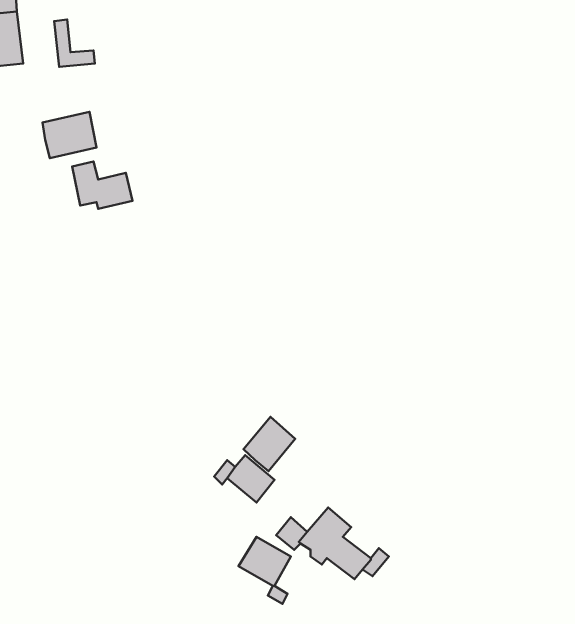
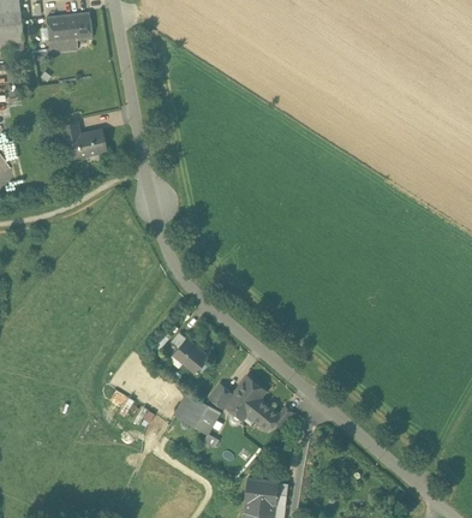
building: none -> [56,13,91,41]
building: [43,112,97,158] -> none
building: [244,417,295,471] -> none

